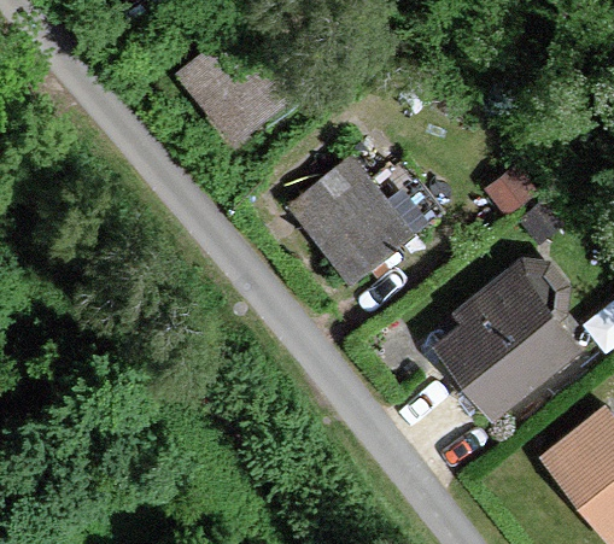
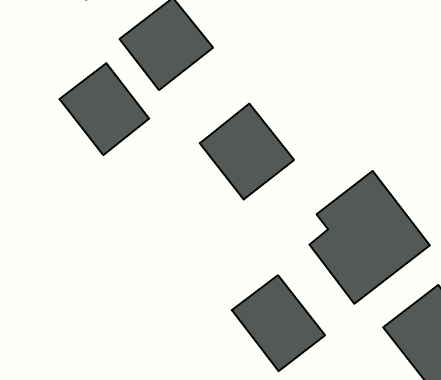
building: none -> [59,63,149,155]
building: none -> [232,275,325,371]

